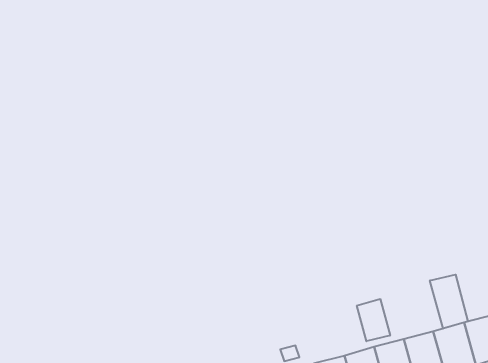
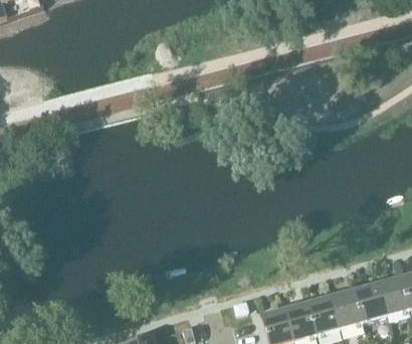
building: [430,275,468,329] -> none
building: [357,299,390,341] -> none

